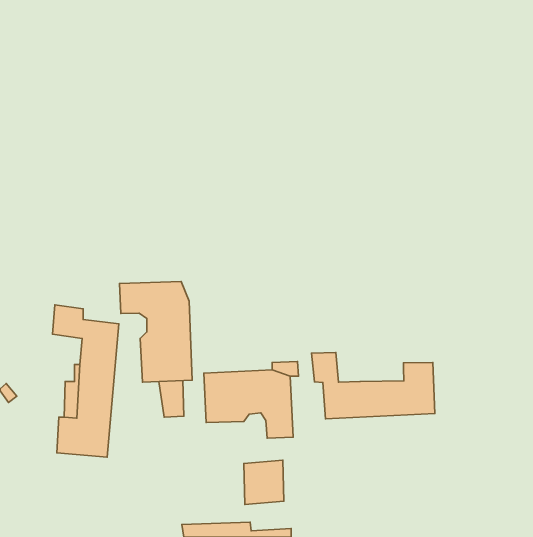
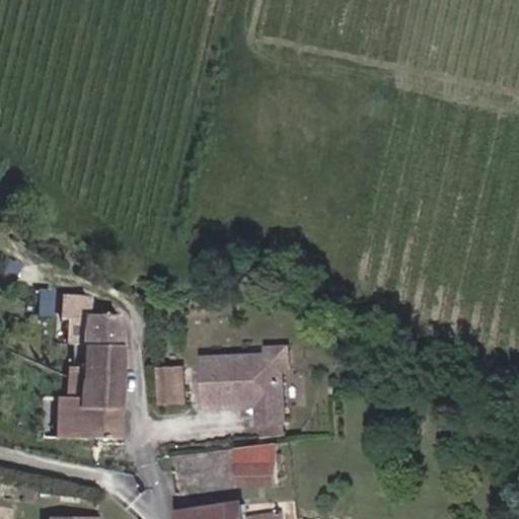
building: [120,281,192,382] -> none
building: [312,352,435,419] -> none

